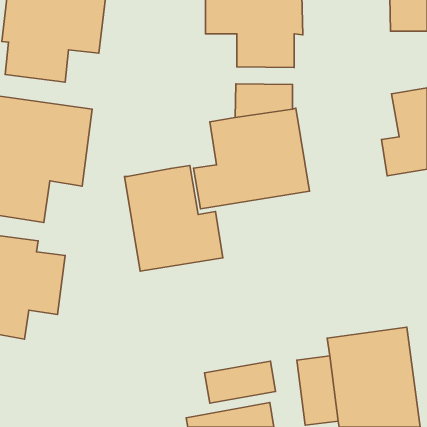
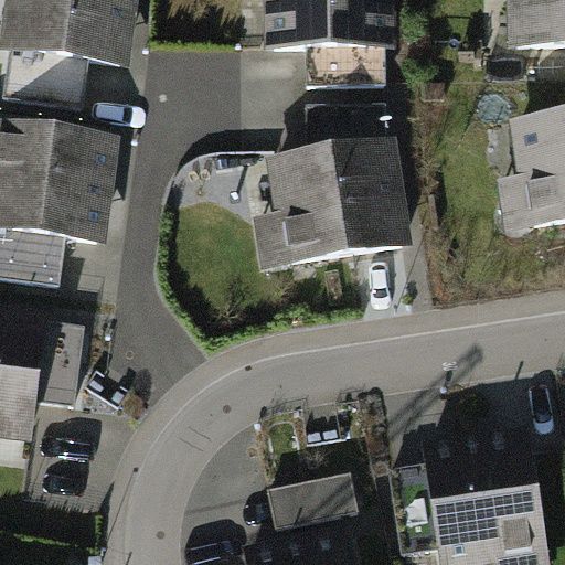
building: [125,165,223,271] -> none

